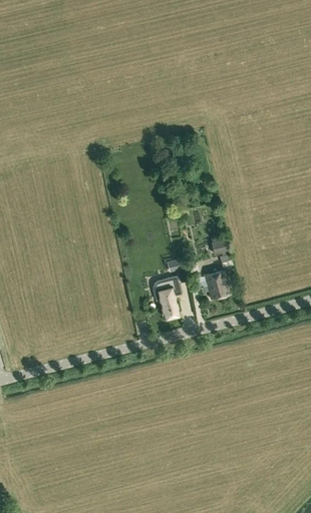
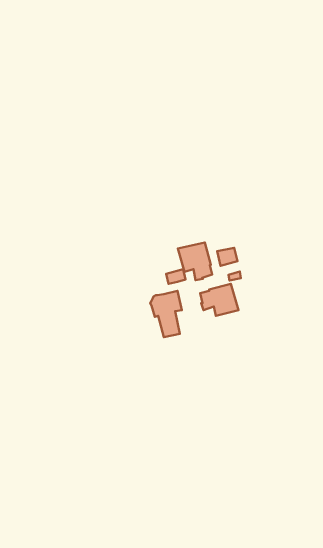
building: none -> [178,243,212,280]

